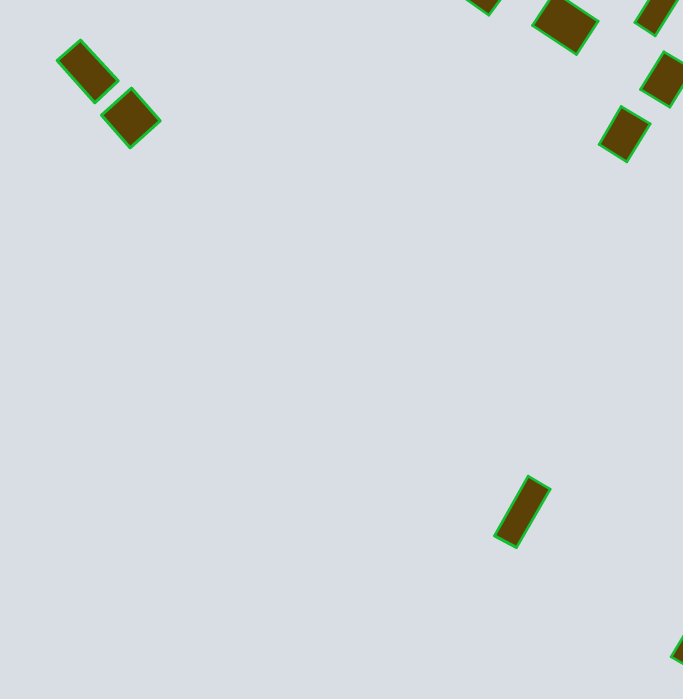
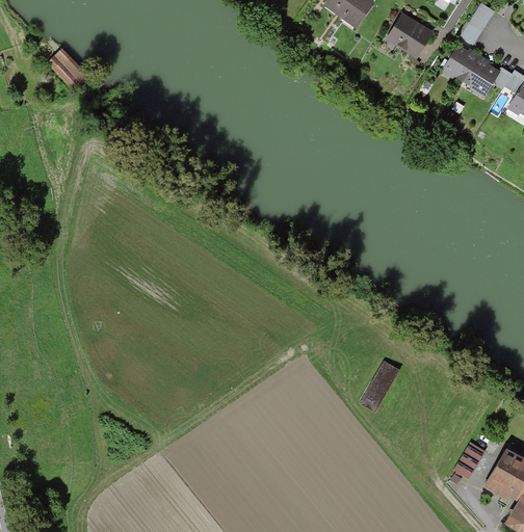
building: [101,88,160,148] -> none
building: [599,106,650,162] -> [444,44,480,83]
building: none -> [454,442,486,477]

